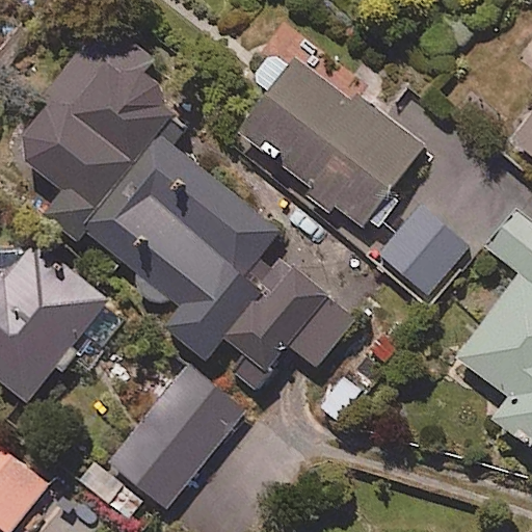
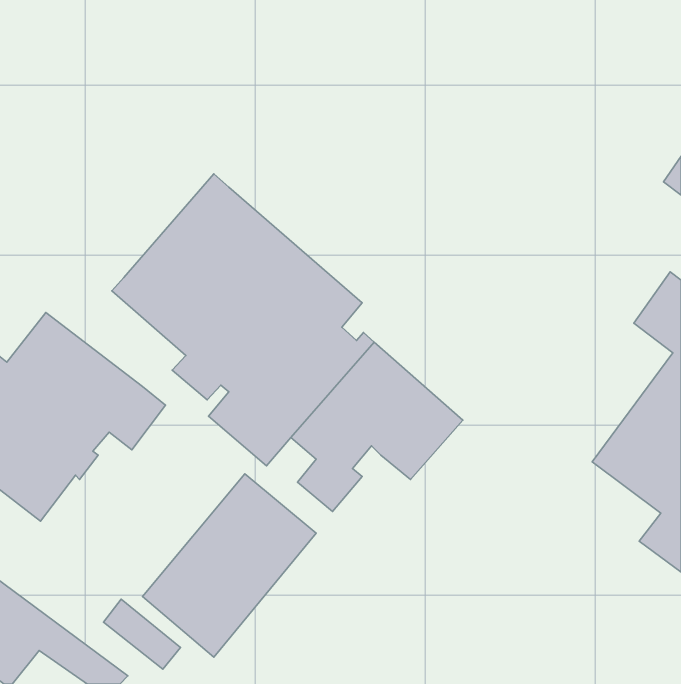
building: [14,24,180,214] -> none
building: [236,44,423,225] -> none
building: [378,205,471,298] -> none

